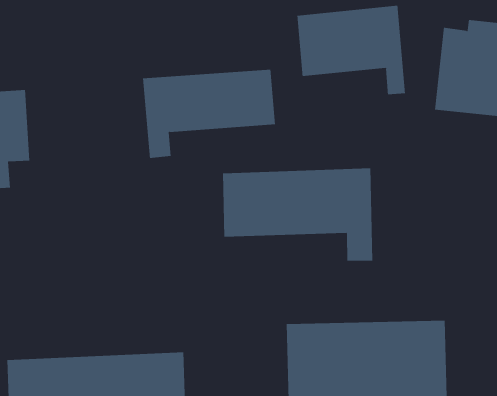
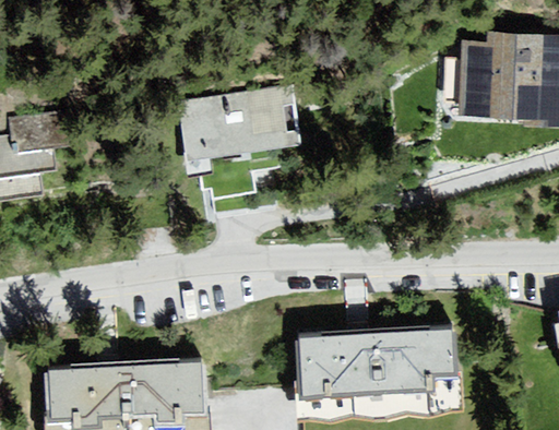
building: [297,5,405,95] -> none
building: [222,167,373,261] -> none

